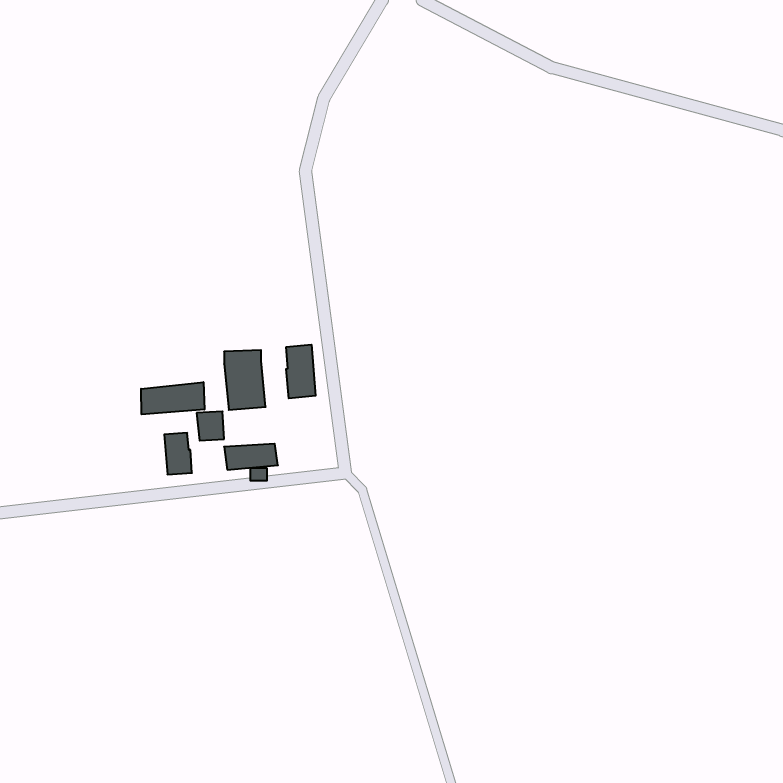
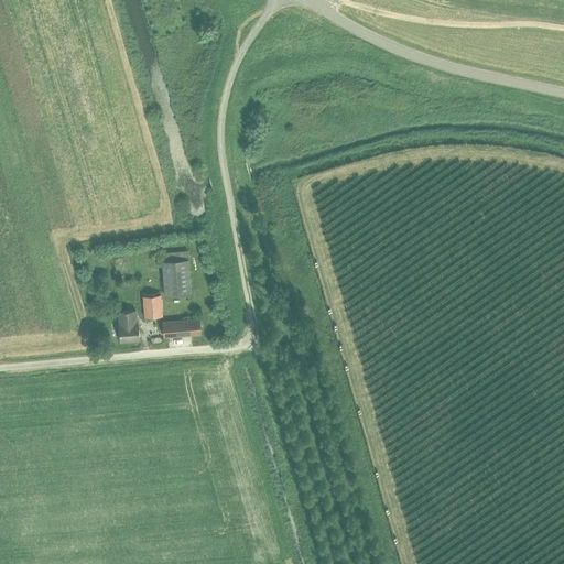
building: [286,345,316,398] -> none
building: [141,382,204,414] -> none

